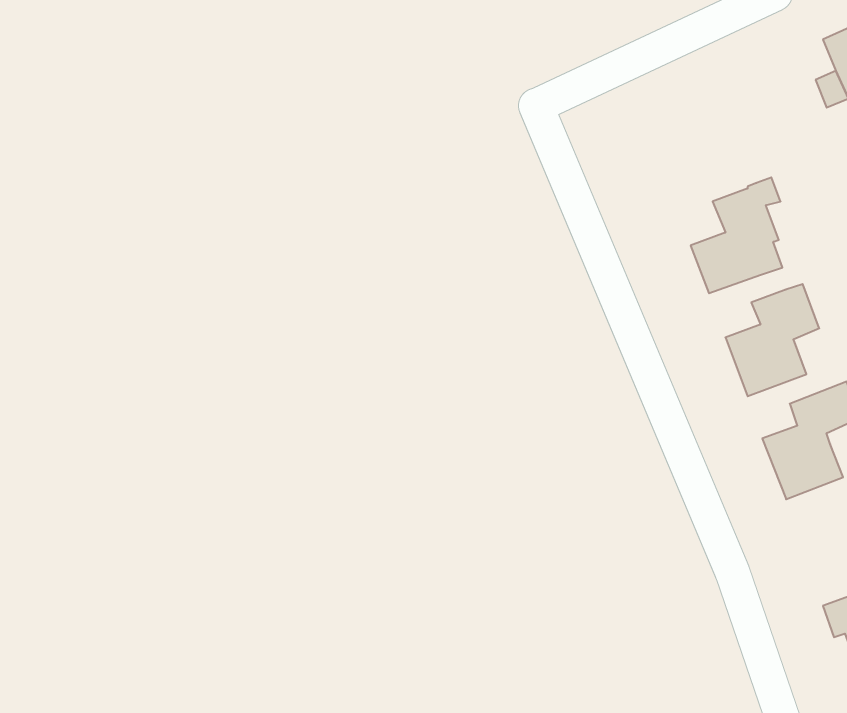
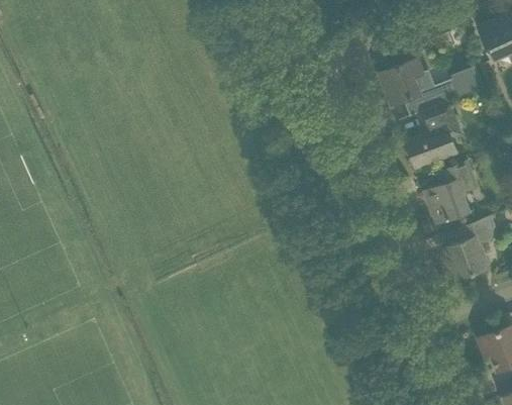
building: none -> [376,50,485,115]

